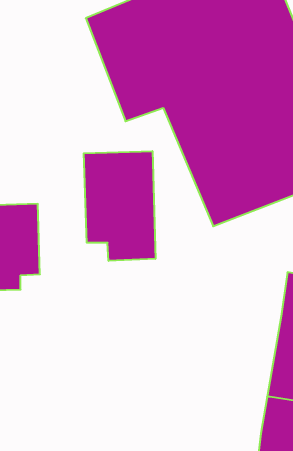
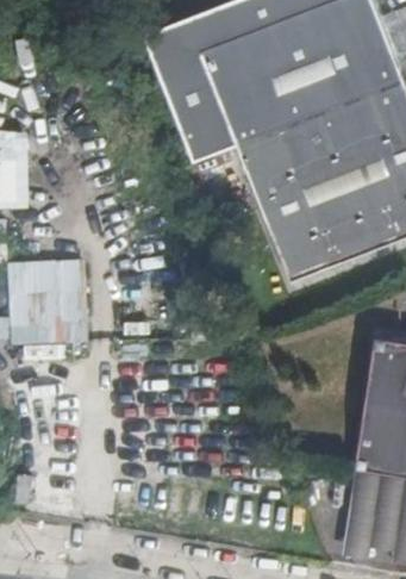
building: [84,151,155,261] -> none

